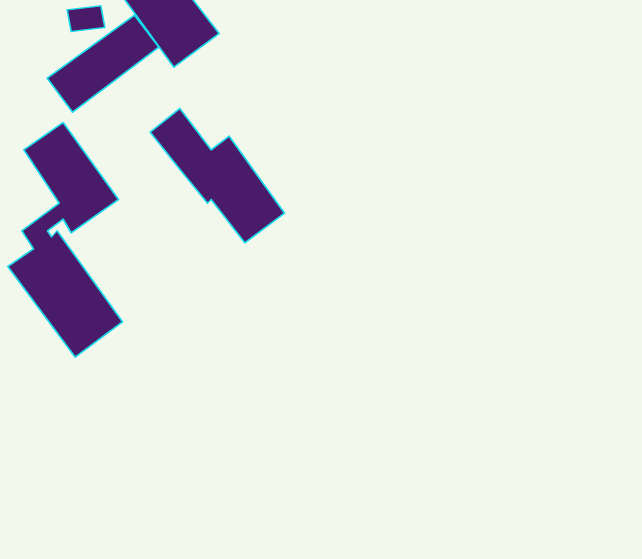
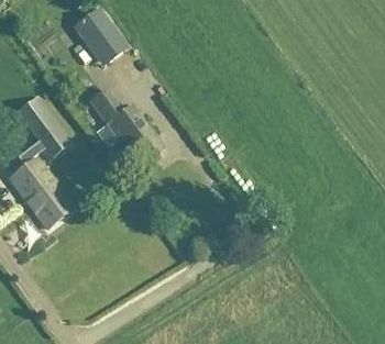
building: [47,15,159,112] -> none

